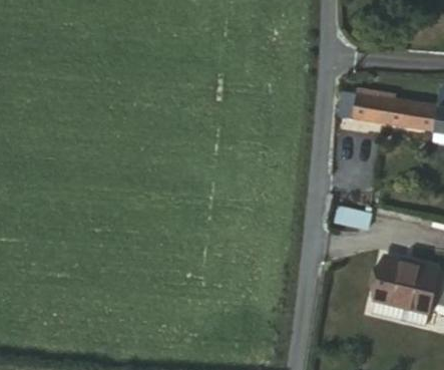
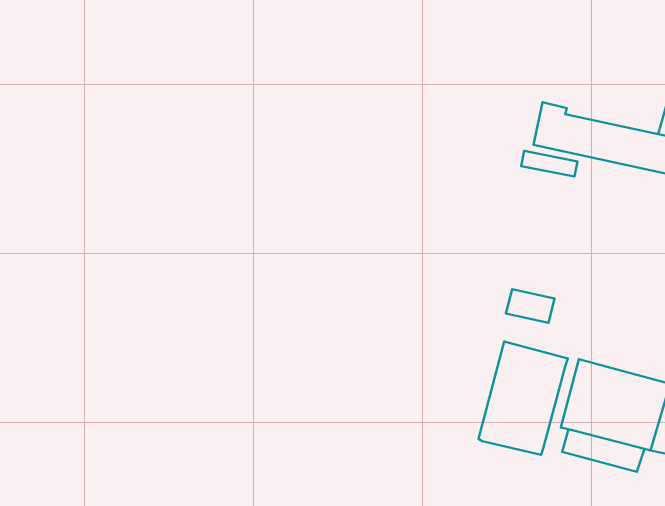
building: none -> [479,341,568,455]

